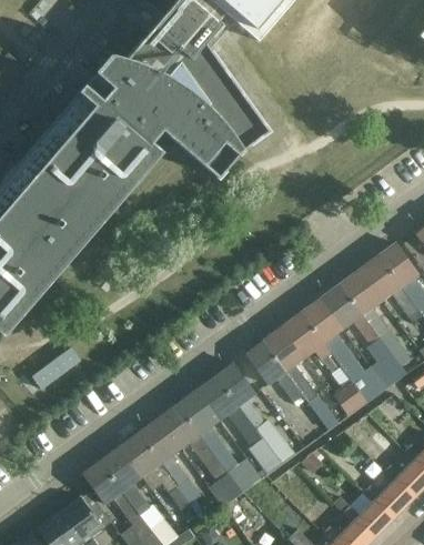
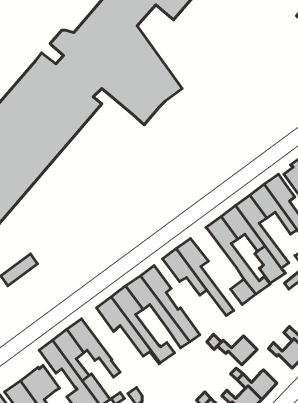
building: [281,313,341,373] -> none
building: [138,418,200,502] -> none
building: [362,480,414,517] -> [217,336,257,365]

